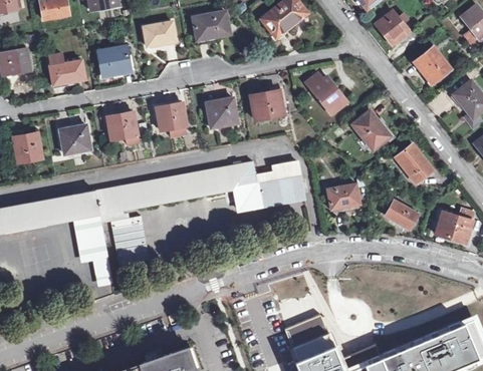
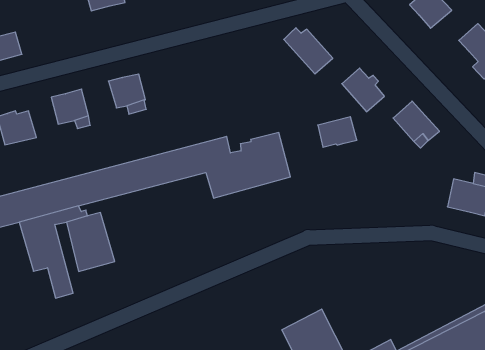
building: [97,46,131,75] -> none
building: [250,91,284,120] -> none
building: [205,98,236,127] -> none
building: [327,184,359,209] -> [318,117,357,147]
building: [385,200,418,230] -> none

